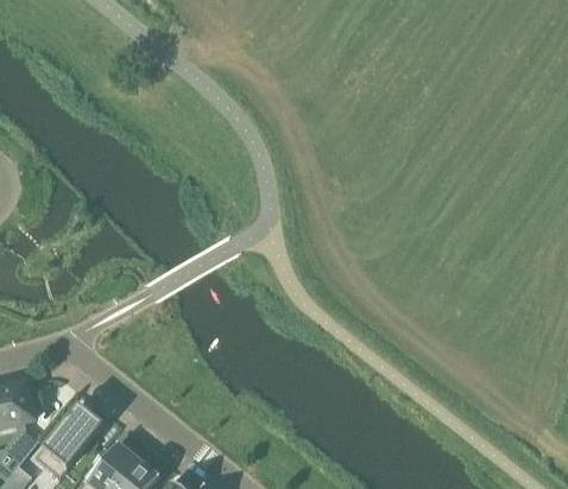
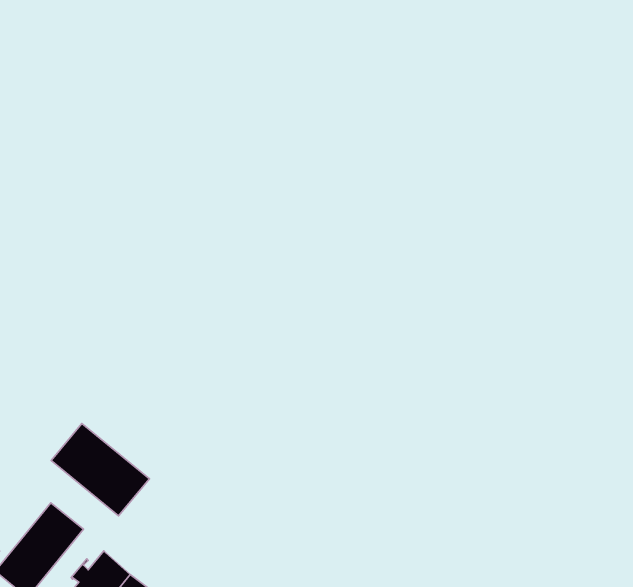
building: none -> [51,423,149,516]

